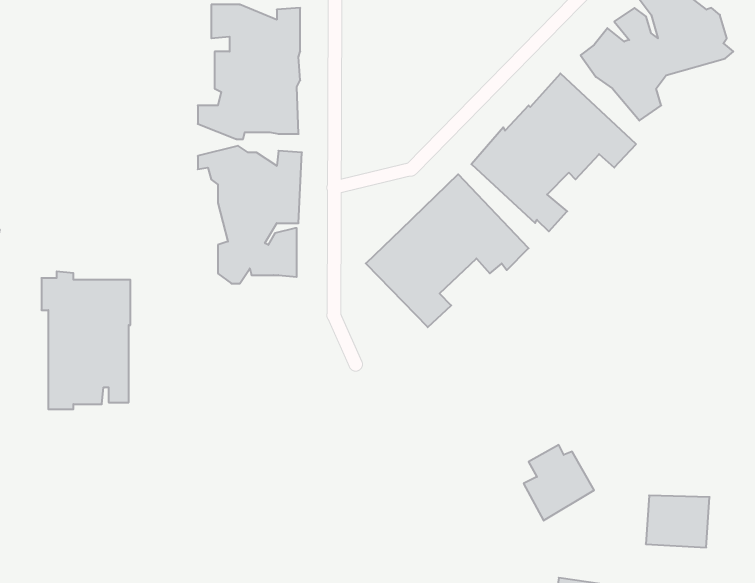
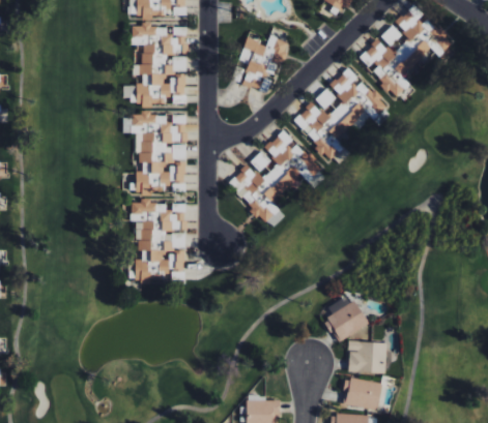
building: none -> [237,35,286,93]
building: [41,271,130,409] -> [131,198,185,282]
building: [646,495,710,547] -> [347,340,386,372]

